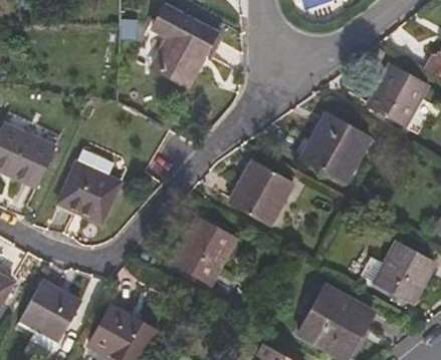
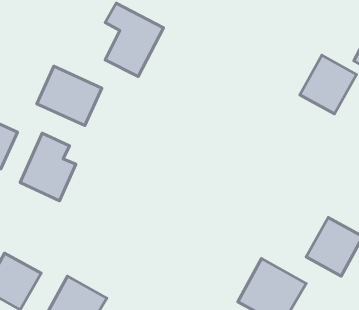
building: none -> [37,66,102,125]
building: [300,113,369,183] -> none
building: [229,160,292,226] -> none
building: [170,217,237,286] -> none

